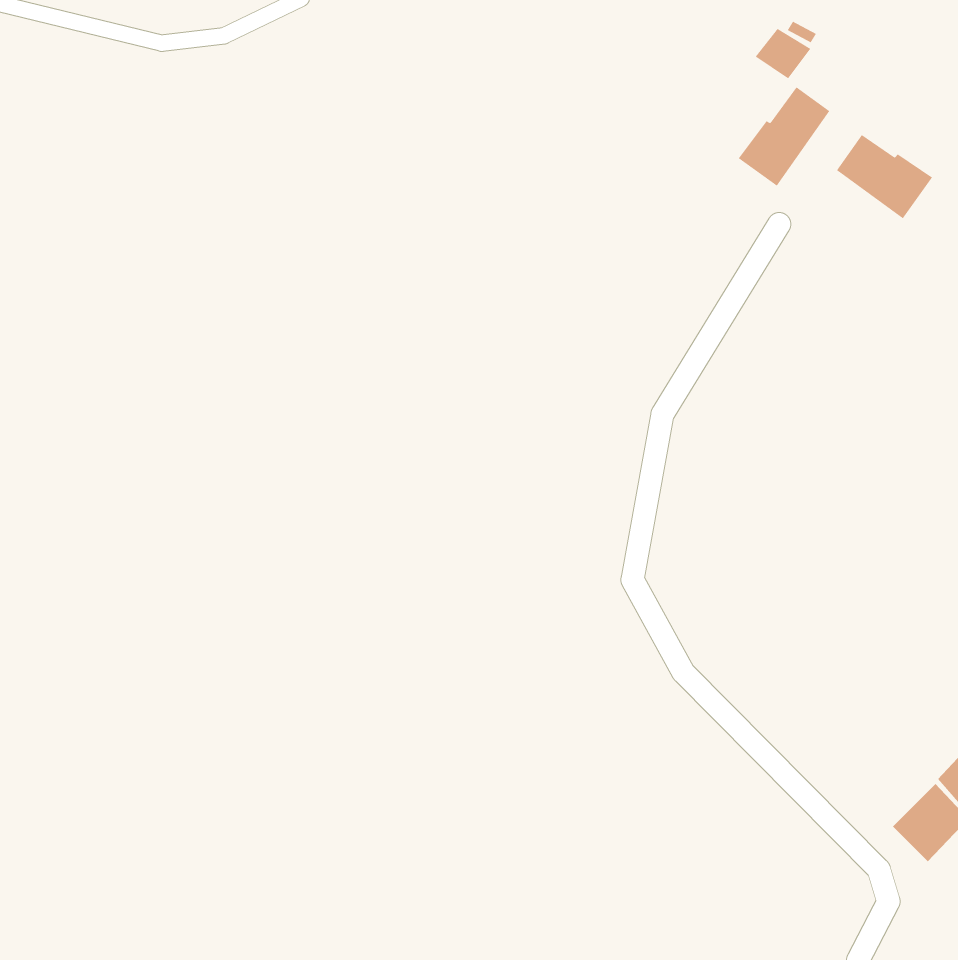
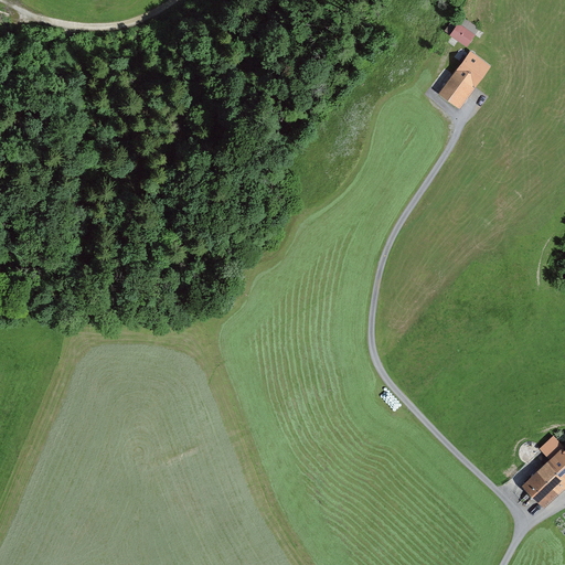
building: [836,134,933,219] -> none

